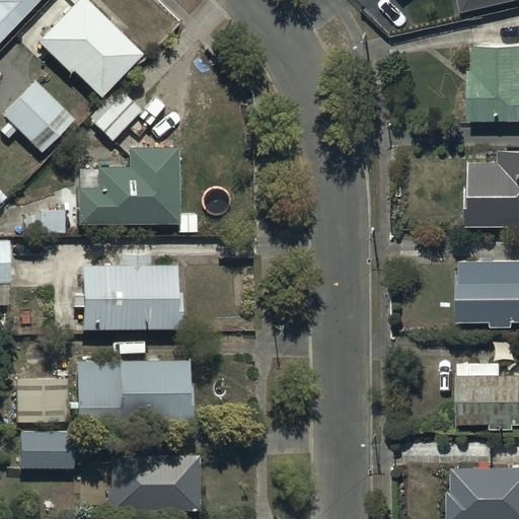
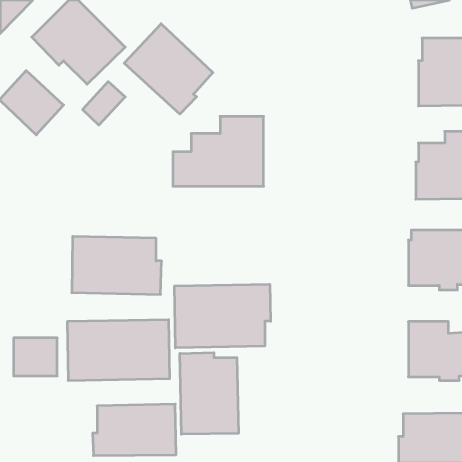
building: none -> [124,24,213,114]
building: [78,146,179,224] -> [173,116,264,186]
building: none -> [175,284,271,348]
building: none -> [180,353,238,434]
building: [20,431,72,467] -> none

